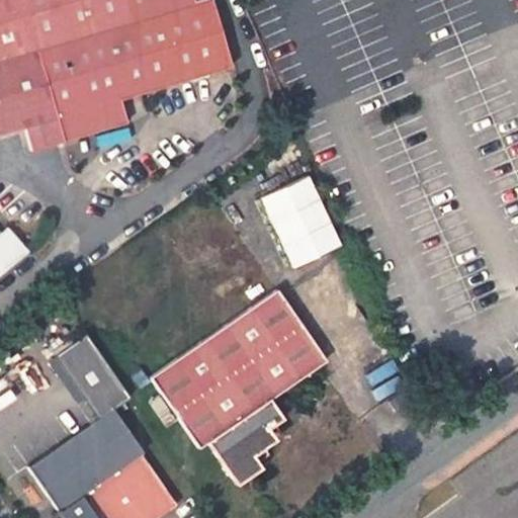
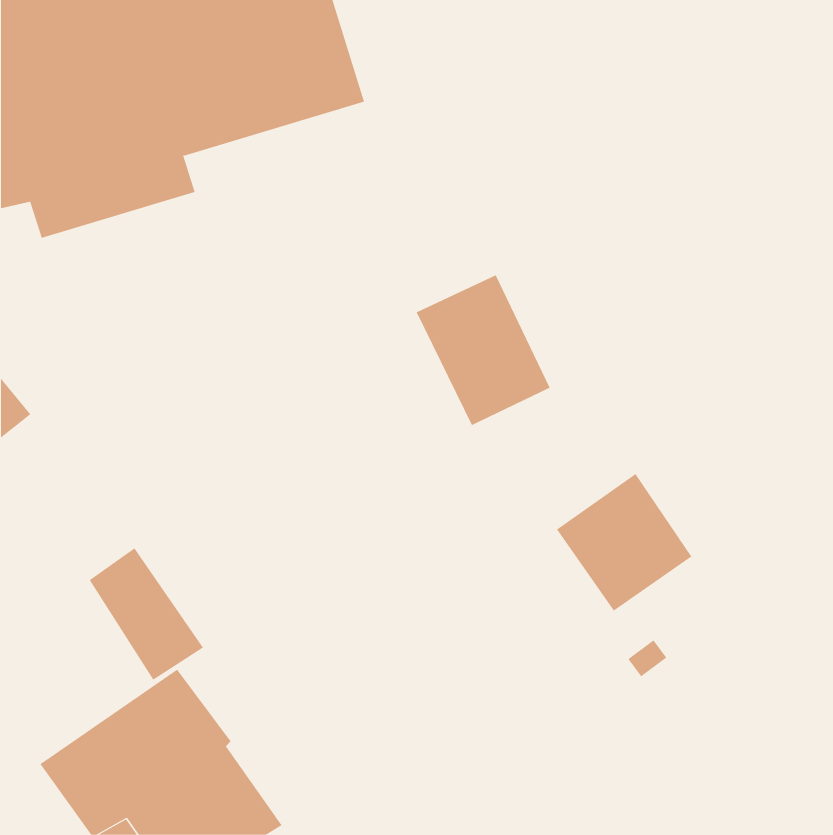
building: none -> [556,473,692,612]
building: [150,292,328,492] -> none

